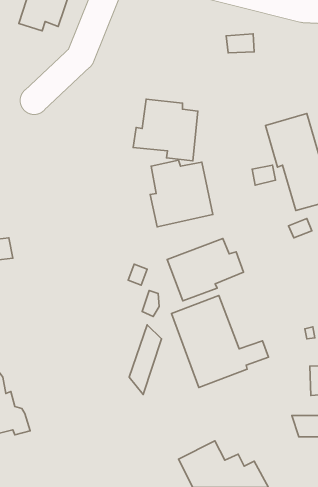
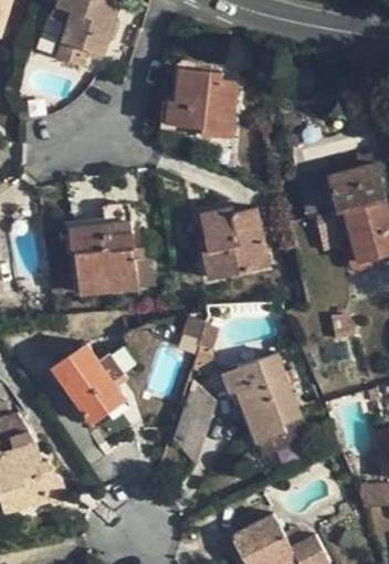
building: [133,99,198,161] -> [166,69,236,136]
building: none -> [70,221,155,293]
building: [167,238,244,301] -> none
building: none -> [48,344,125,424]

